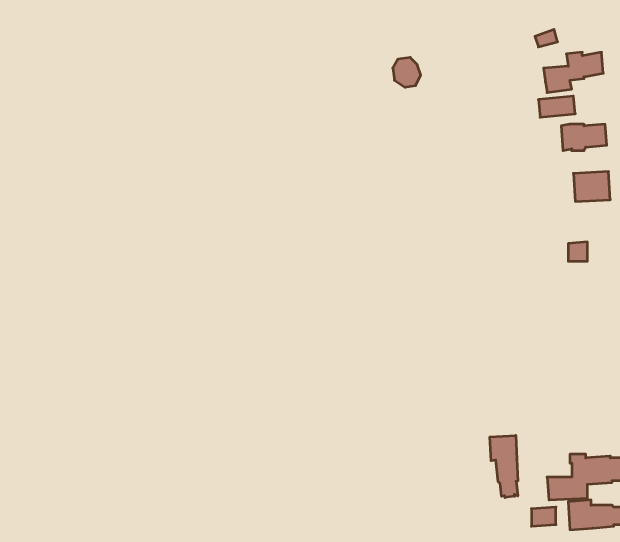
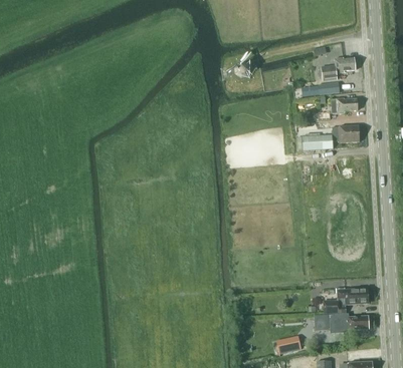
building: none -> [301,134,335,150]
building: [490,435,518,498] -> none

